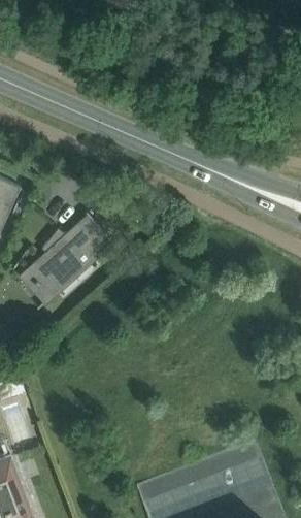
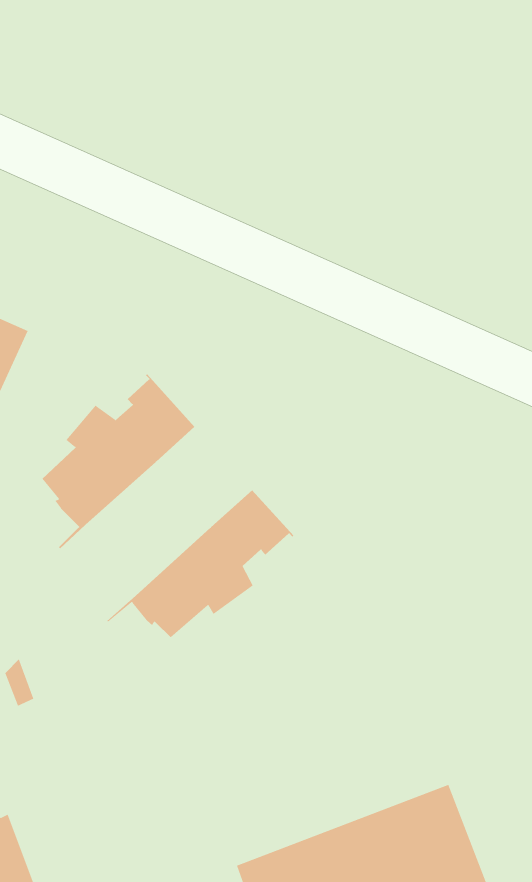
building: none -> [107,489,294,638]

